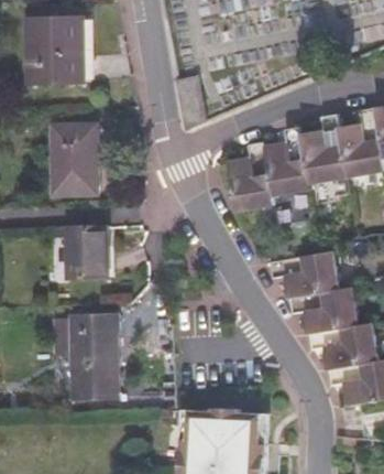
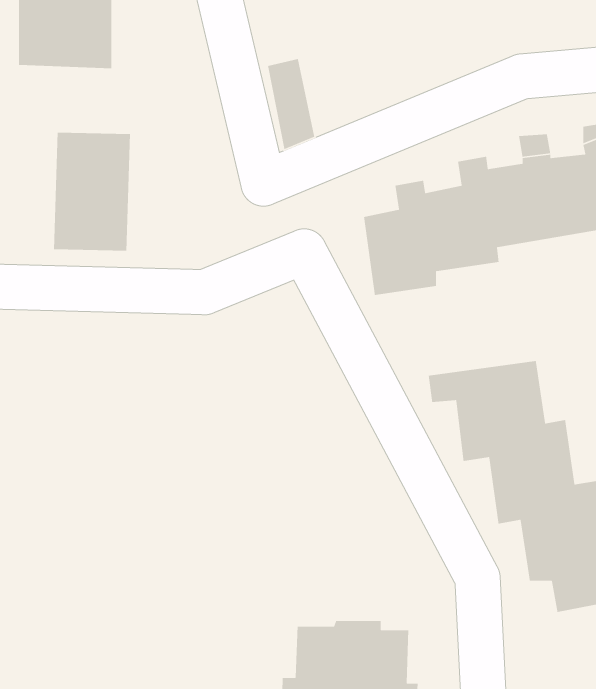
building: [65,225,107,276] -> none
building: [64,316,112,400] -> none

